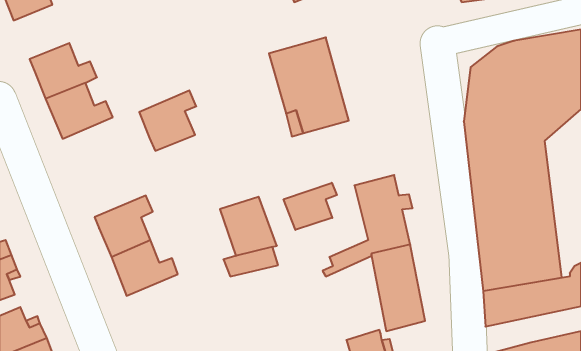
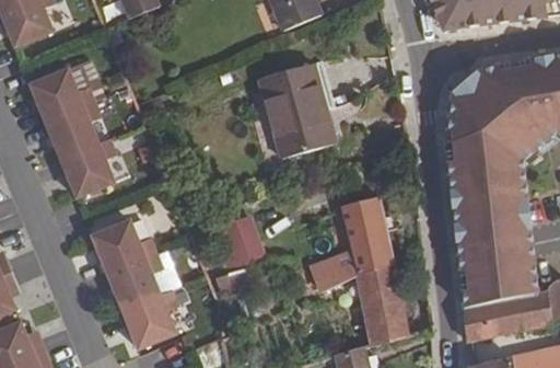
building: [139,90,196,151] -> [60,140,115,198]
building: [284,183,337,230] -> none
building: none -> [121,291,177,349]

